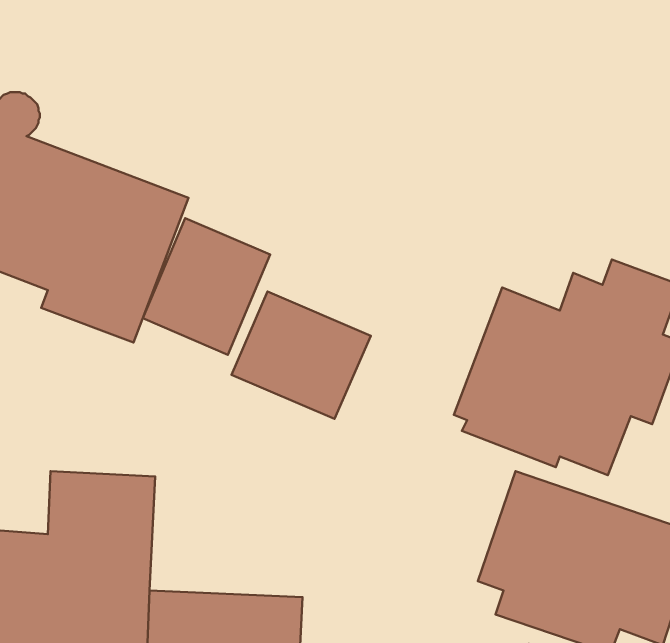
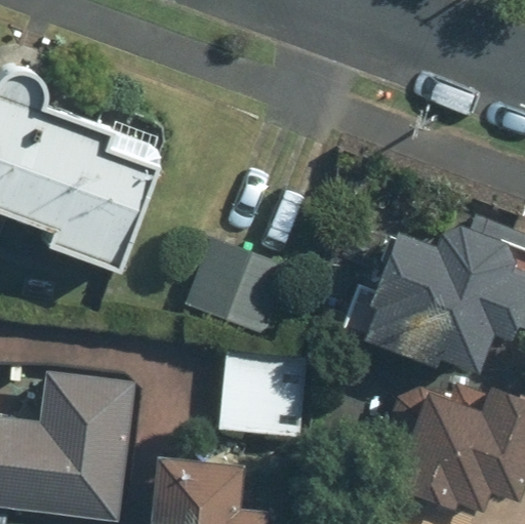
building: [143,218,270,355] -> none
building: none -> [226,357,307,433]

